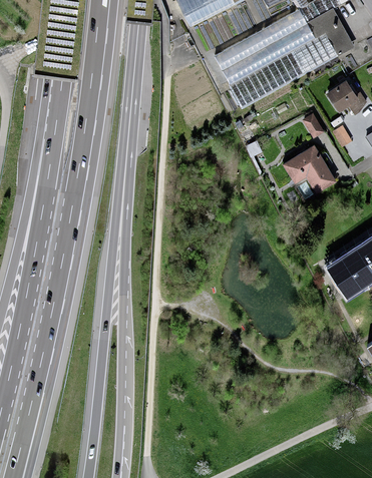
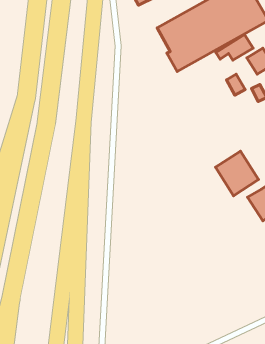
building: none -> [216,35,253,60]
building: [283,144,336,199] -> [216,151,258,196]

